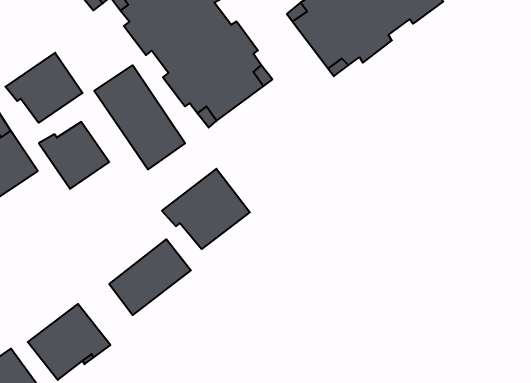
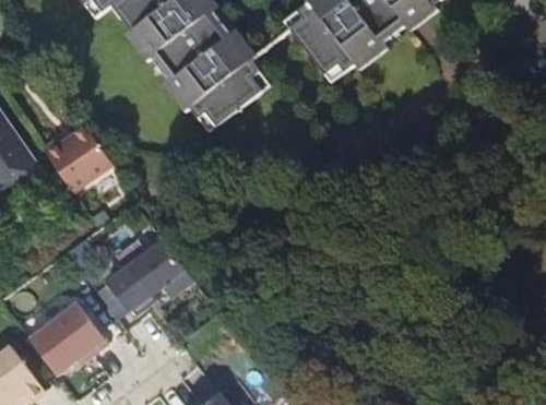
building: [5,53,83,123] -> none
building: [94,65,185,169] -> none
building: [162,169,250,249] -> none

